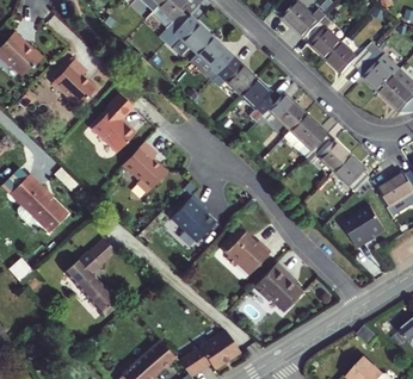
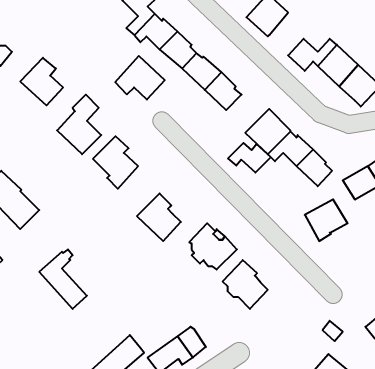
building: [302,17,337,60] -> none
building: none -> [115,56,165,100]
building: [259,99,302,129] -> [228,143,271,173]

